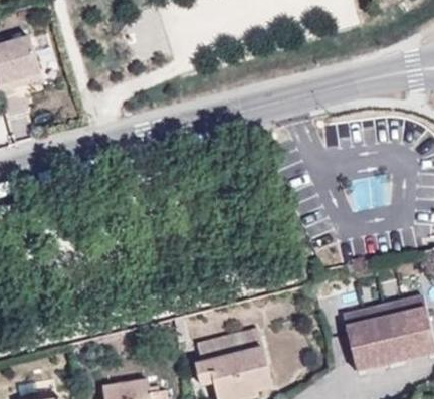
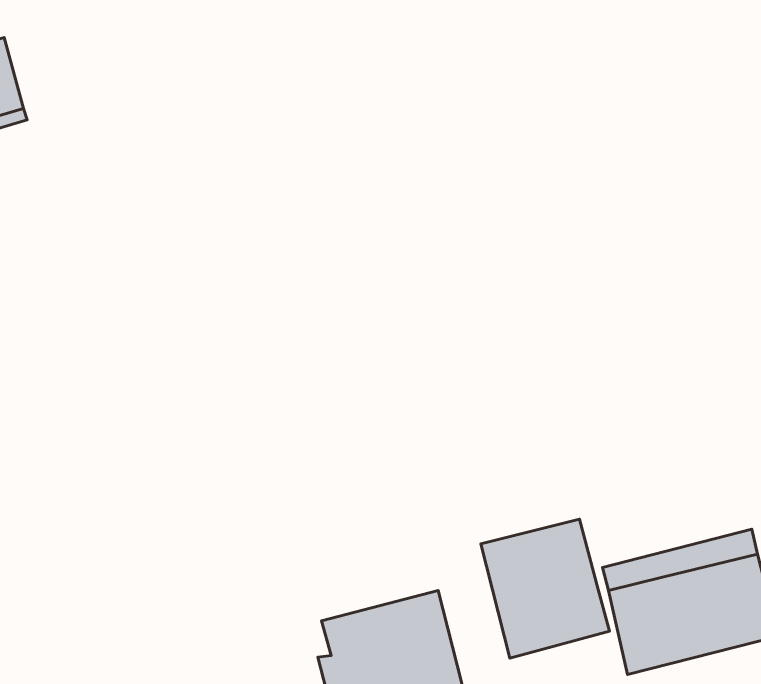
building: none -> [481,519,609,658]

